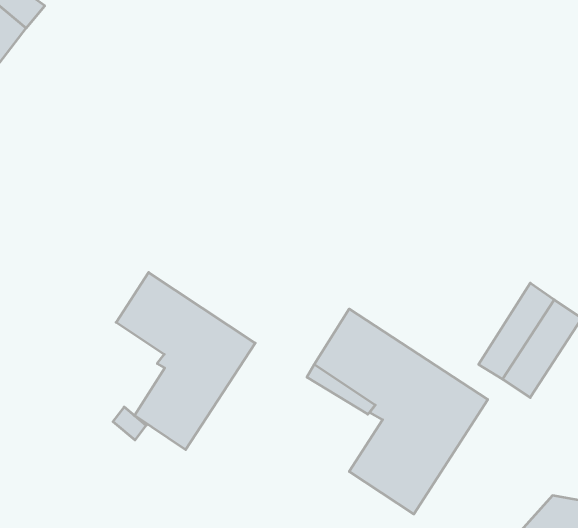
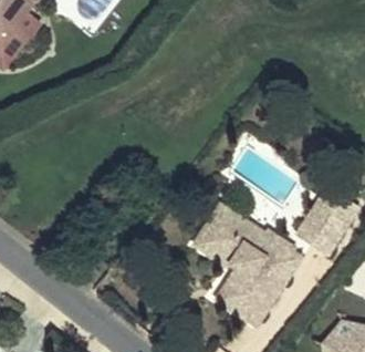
building: [116,272,255,450] -> none

